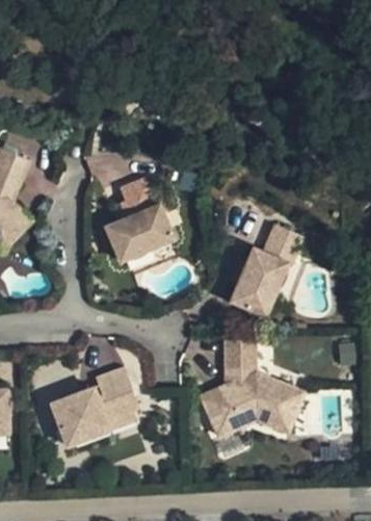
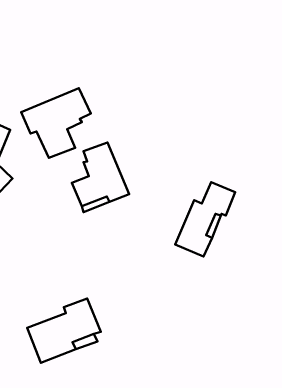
building: none -> [21,88,91,158]
building: [200,342,302,437] -> none

